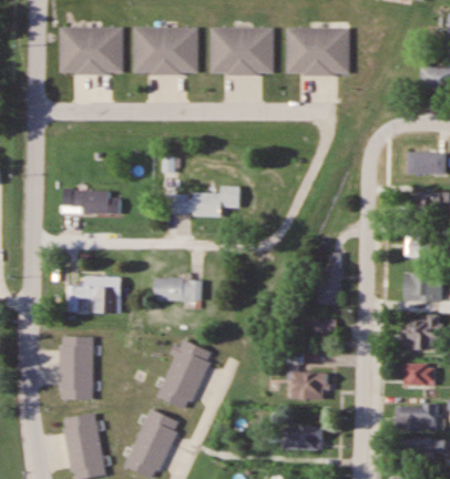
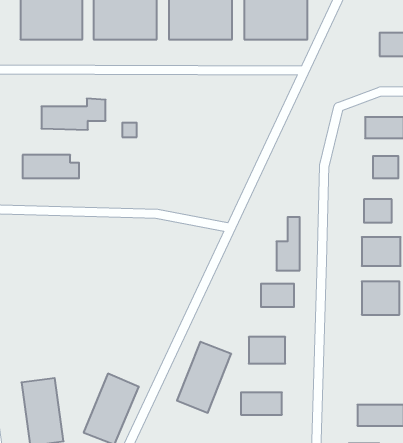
building: [174,185,238,216] -> [41,99,106,130]
building: [67,275,120,313] -> none
building: [153,278,201,300] -> none
building: [59,335,92,399] -> none
building: [157,339,212,410] -> [177,342,231,413]
building: [402,364,434,386] -> none
building: [396,404,437,430] -> none

